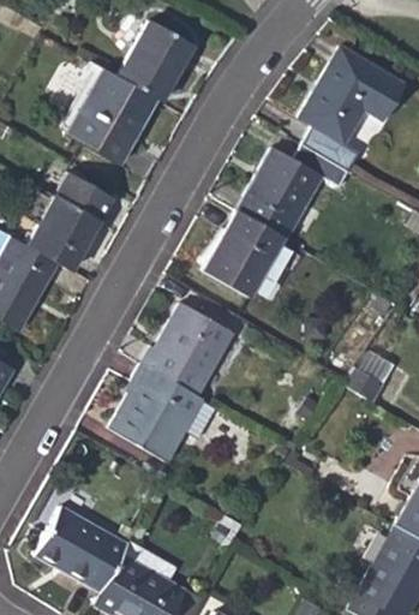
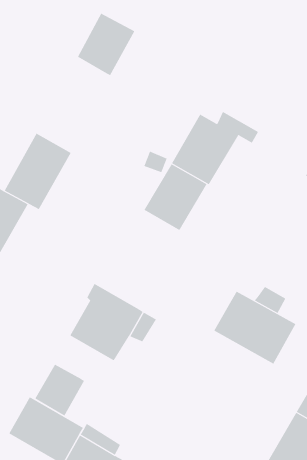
building: [299,47,405,171] -> none
building: [67,60,157,162] -> none
building: [142,301,234,394] -> none
building: none -> [213,291,296,365]
building: none -> [35,364,85,417]

